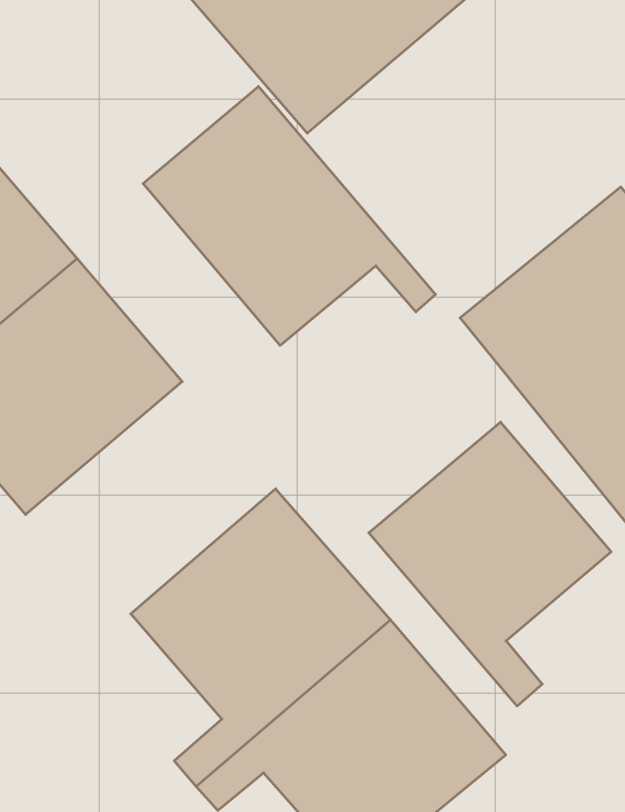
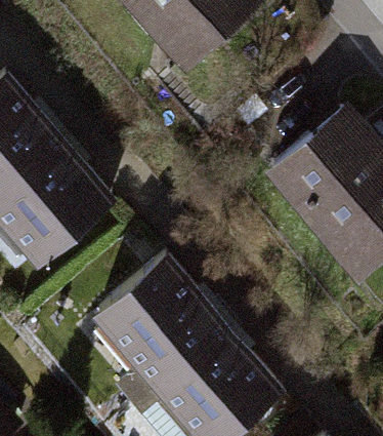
building: [143,86,436,345] -> none
building: [369,422,611,706] -> none

